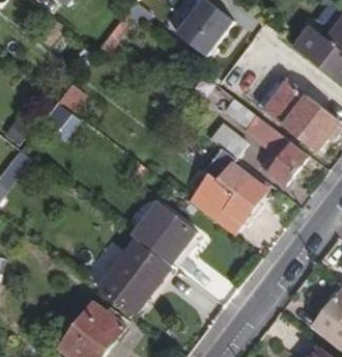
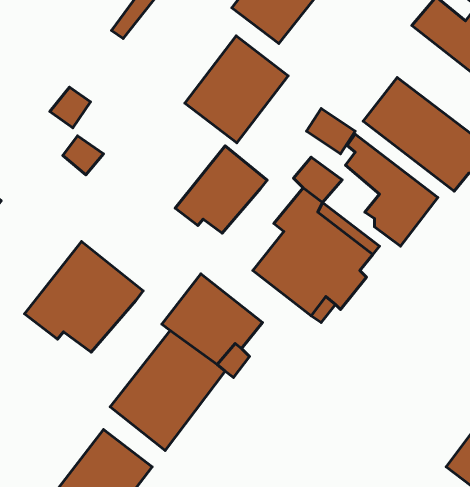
building: none -> [185,36,288,143]
building: none -> [175,146,267,233]
building: none -> [24,241,143,352]

